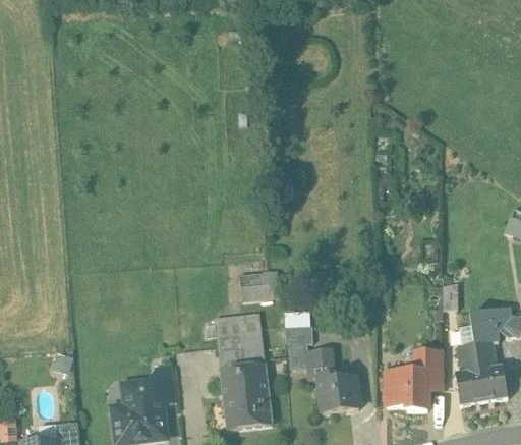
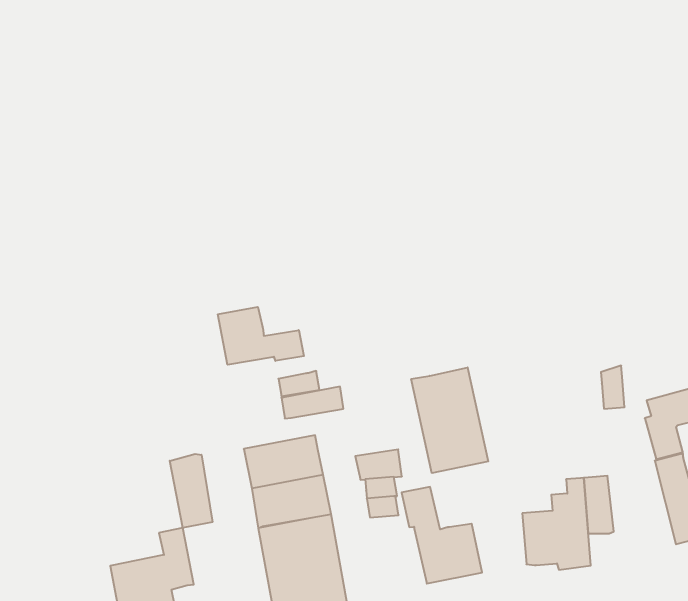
building: none -> [218,307,304,365]
building: none -> [411,367,488,473]
building: none -> [170,454,212,528]
building: [455,345,482,403] -> none

